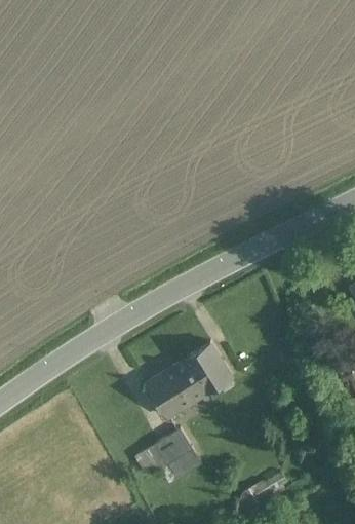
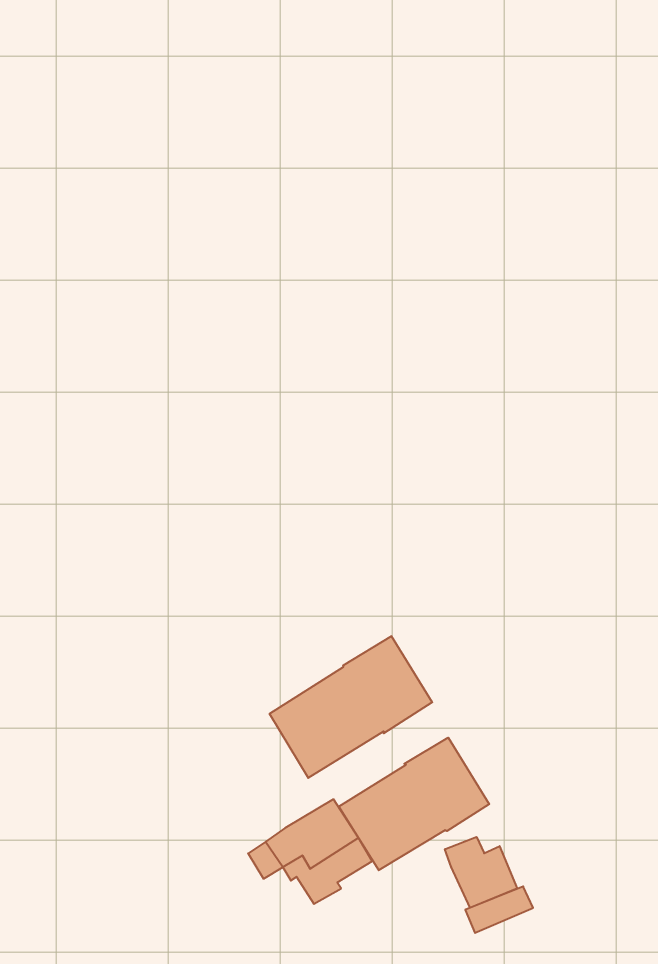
building: none -> [339,738,489,870]
building: none -> [445,837,517,908]

